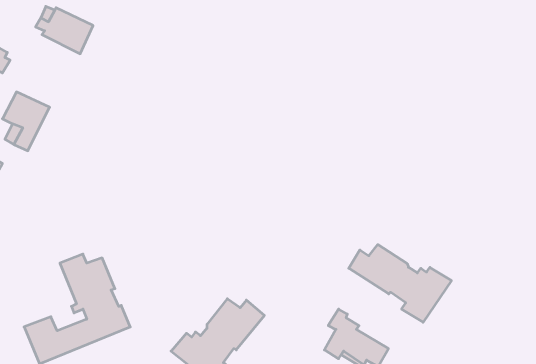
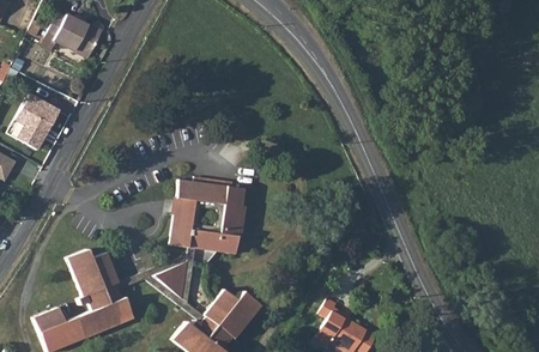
building: none -> [170,176,242,265]
building: [349,245,451,322] -> none
building: none -> [155,262,187,297]

